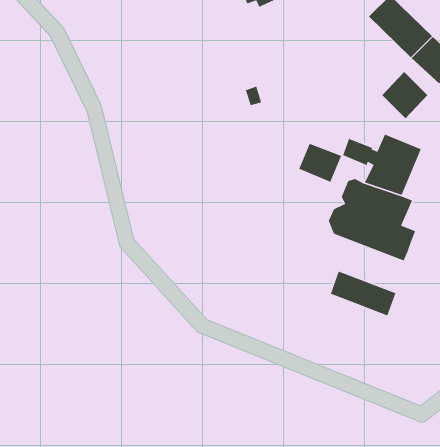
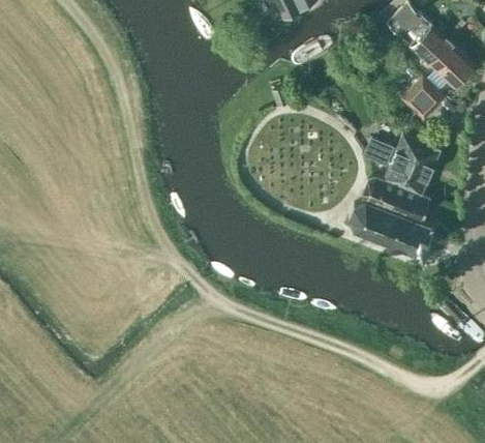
building: [298,143,342,183] -> none
building: [330,271,396,317] -> none

